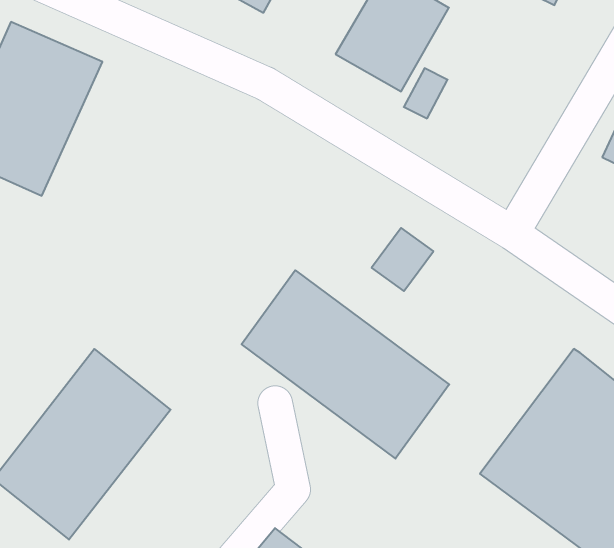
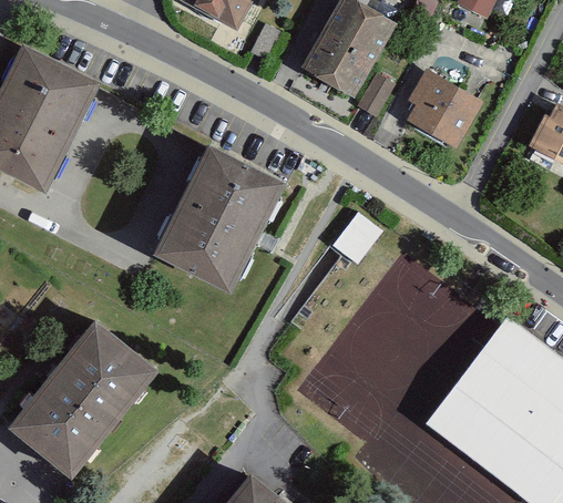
building: none -> [409,71,488,151]
building: none -> [153,138,289,290]
building: [242,270,449,459] -> none

